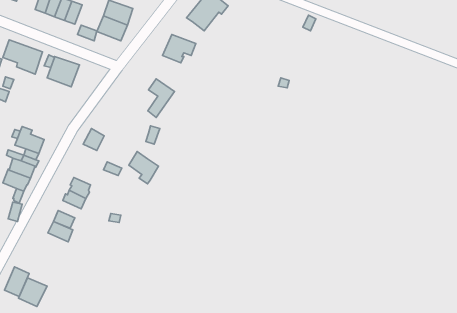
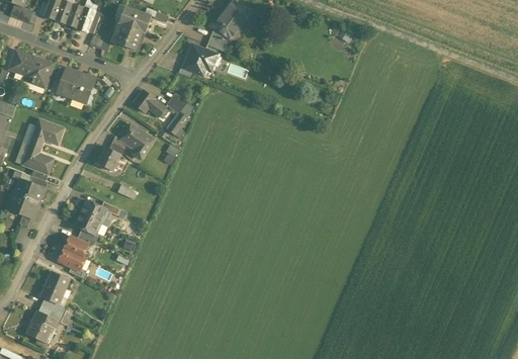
building: none -> [133,91,165,116]
building: none -> [29,118,64,149]
building: [129,151,158,184] -> [120,124,153,160]
building: [4,267,29,296] -> [40,271,68,303]

